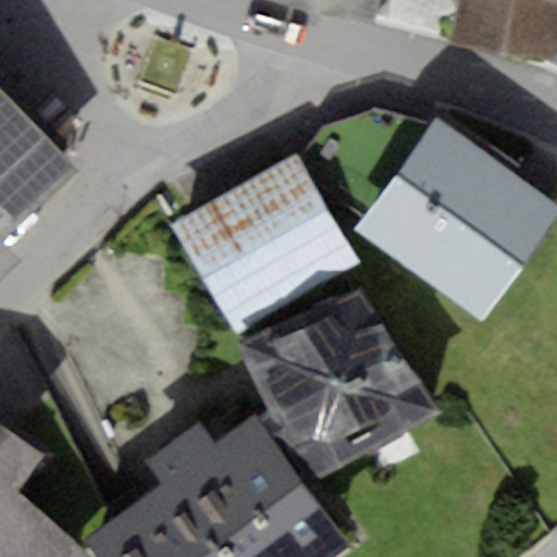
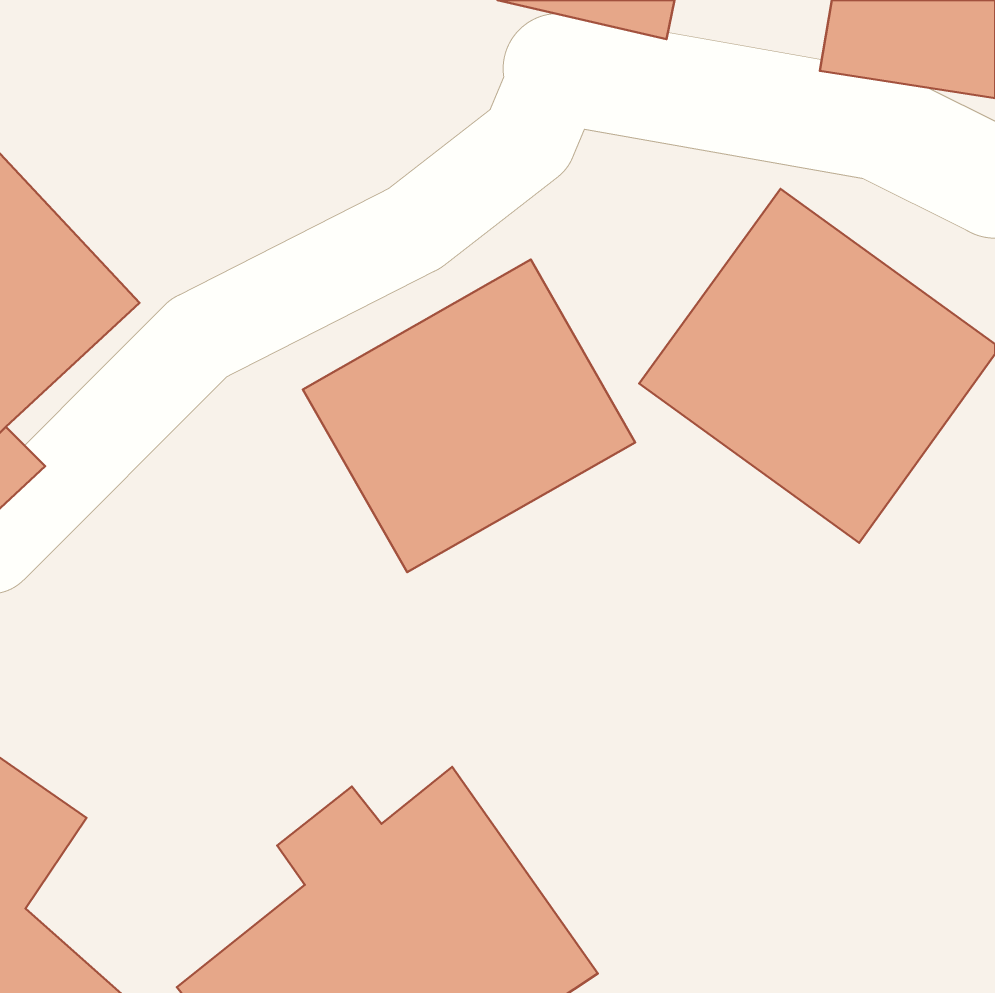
building: [242,288,445,492] -> none

